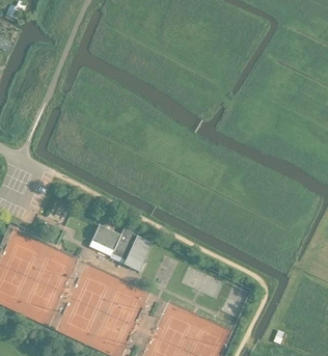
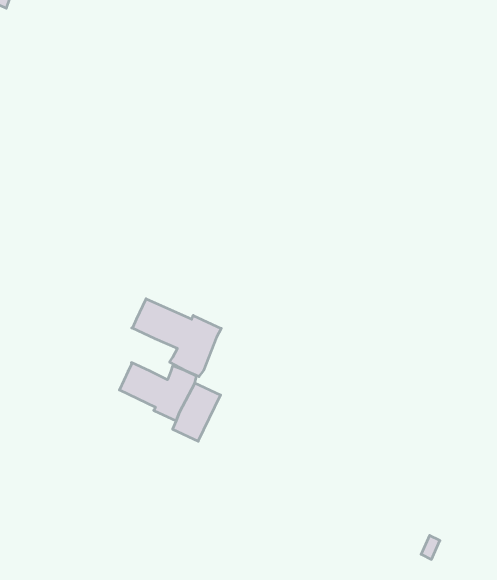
building: none -> [132,299,221,377]

